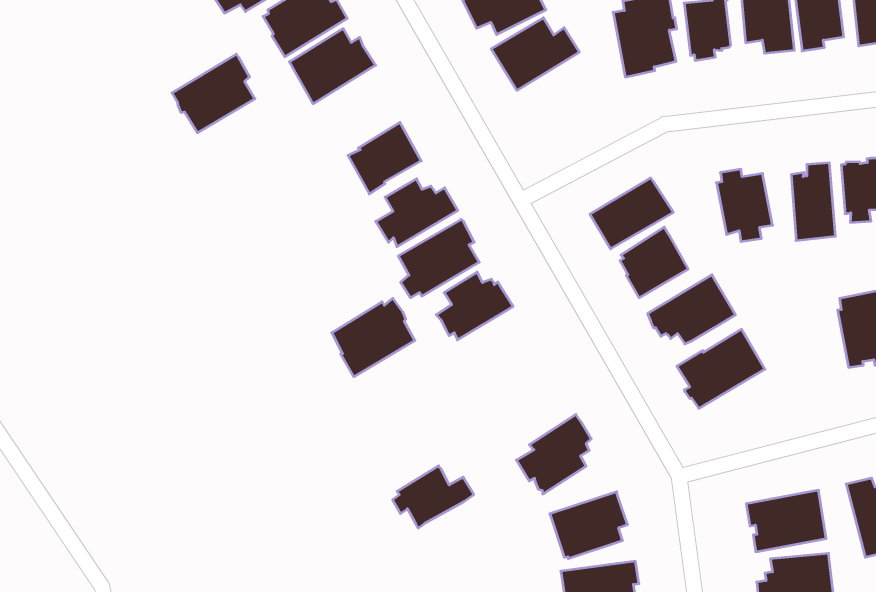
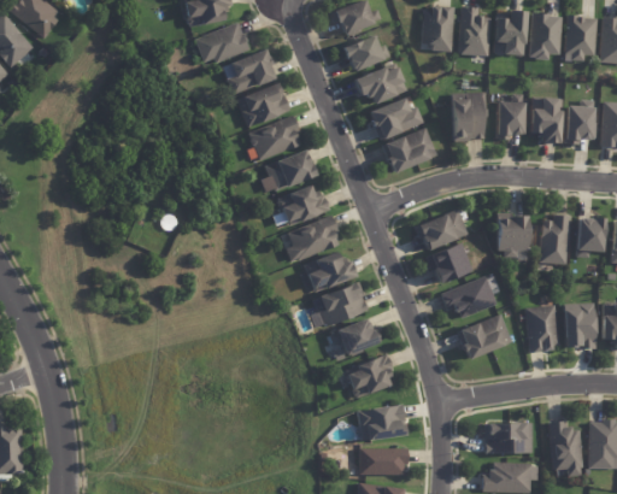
building: [172,54,255,133] -> [248,114,300,160]
building: none -> [382,127,436,172]
building: [332,298,415,377] -> [315,281,366,327]
building: none -> [521,305,558,352]
building: [393,466,474,528] -> [329,318,381,355]

